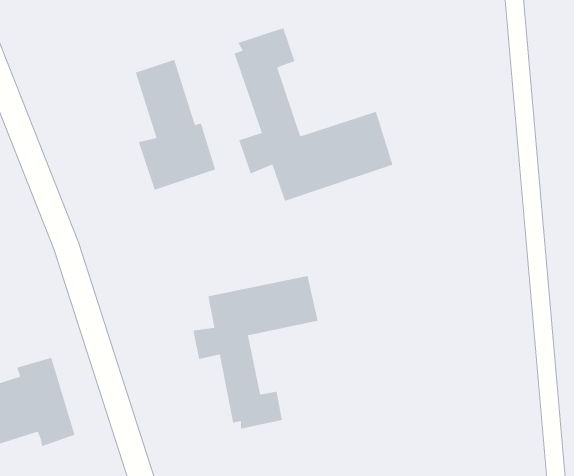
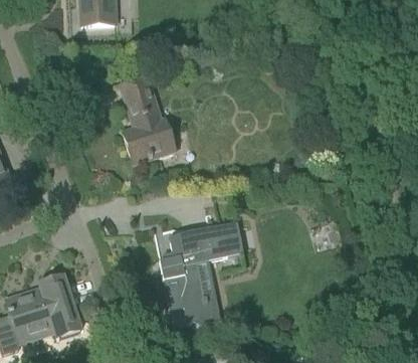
building: [234,27,394,202] -> none

